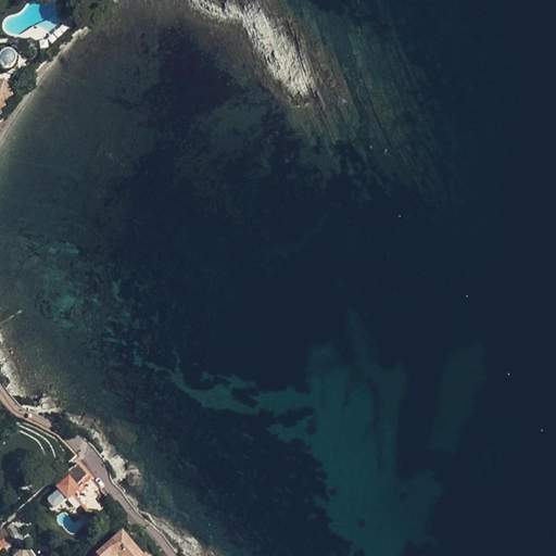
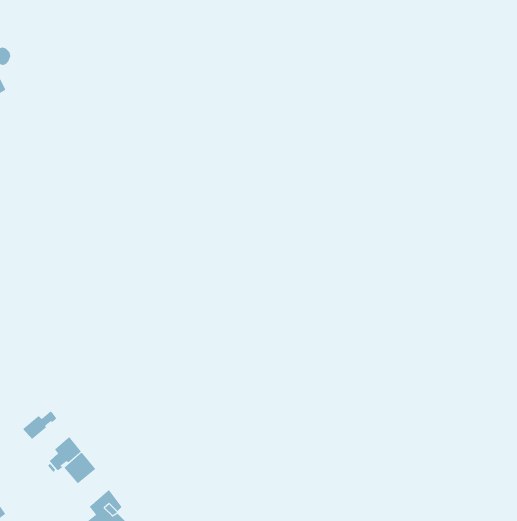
building: none -> [22,411,57,440]

